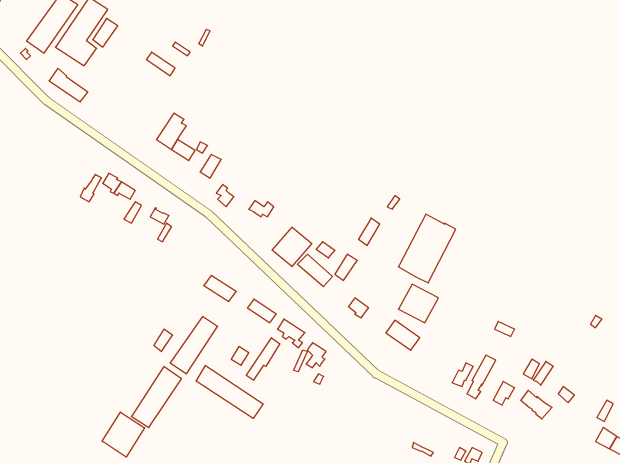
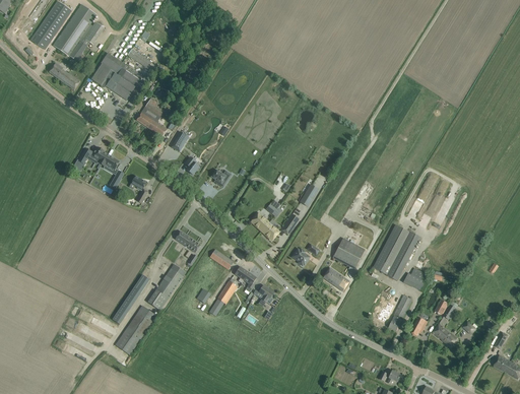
building: none -> [89,53,141,100]
building: [398,214,456,283] -> [372,224,418,280]
building: [272,227,312,267] -> none
building: [196,365,263,418] -> none
building: [102,412,145,457] -> none

